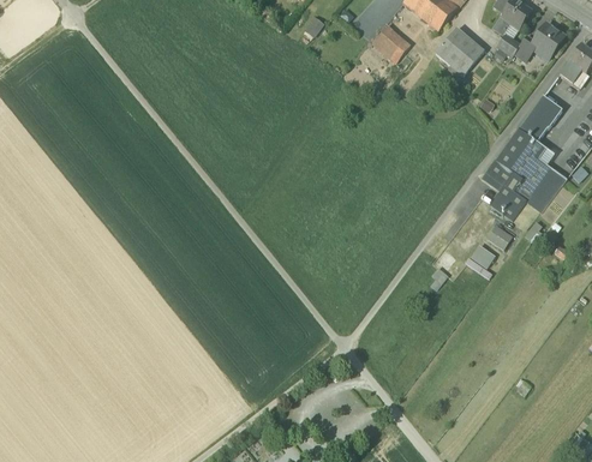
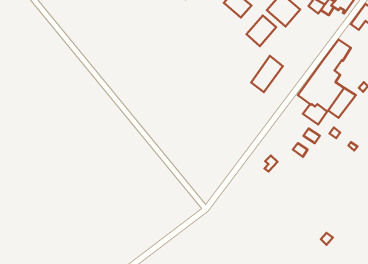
building: none -> [246,15,276,46]
building: none -> [251,56,283,92]

